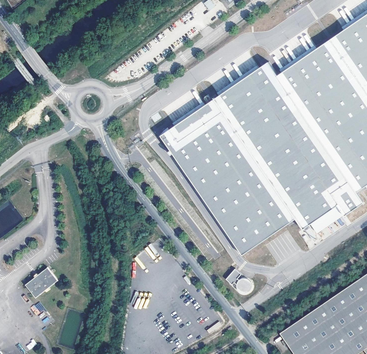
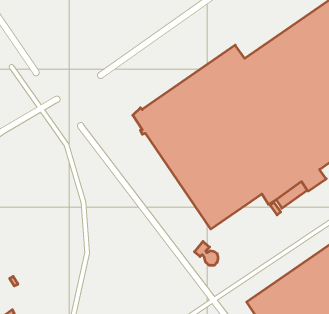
building: [25,268,57,299] -> none

